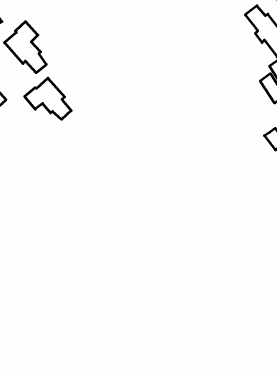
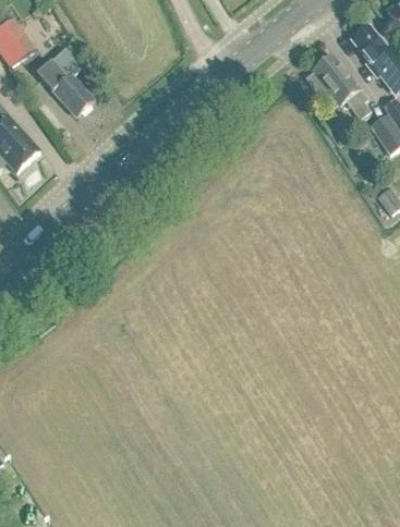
building: none -> [306,57,366,118]
building: [25,78,71,119] -> none

